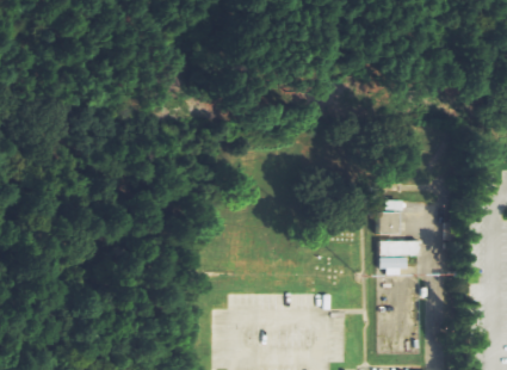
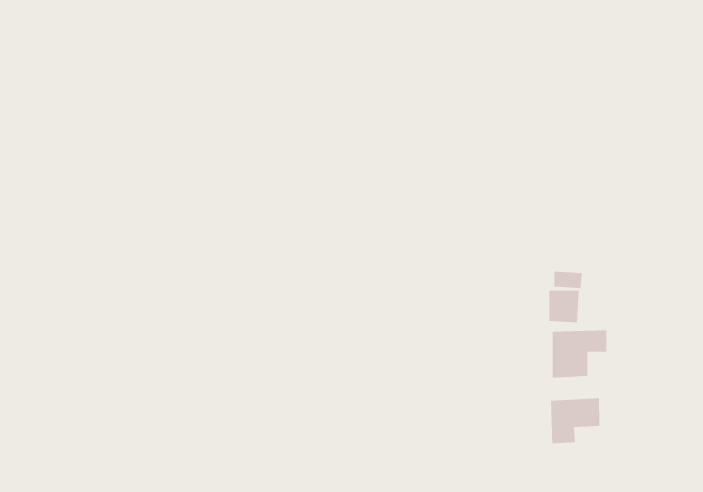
building: none -> [551,398,600,444]

